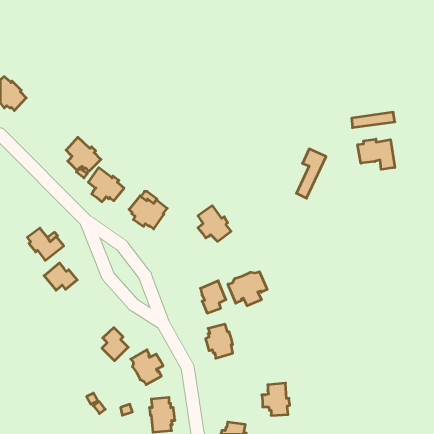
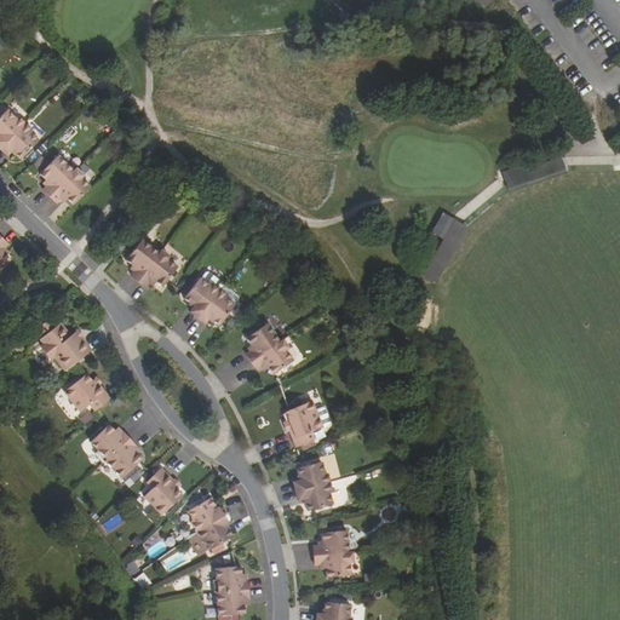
building: [66,137,101,171] -> [39,155,88,203]
building: [358,139,395,169] -> none
building: [198,206,231,241] -> [246,323,293,374]
building: [228,272,267,306] -> none
building: none -> [91,426,142,478]
building: [262,383,290,415] -> [314,529,354,575]

